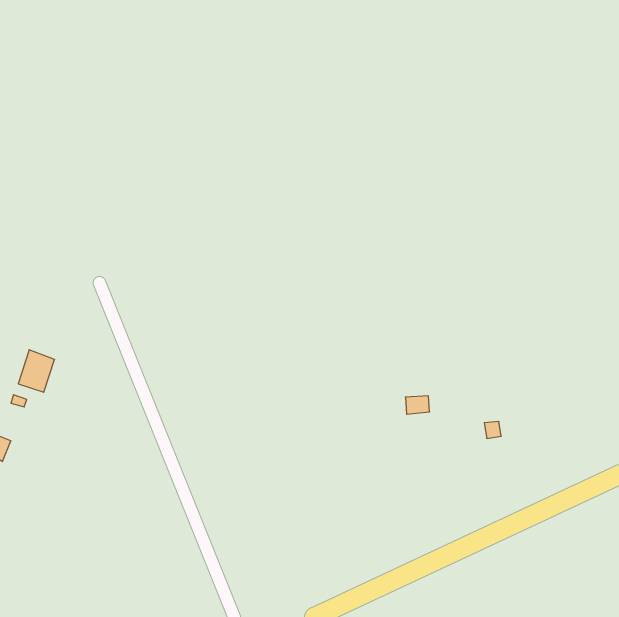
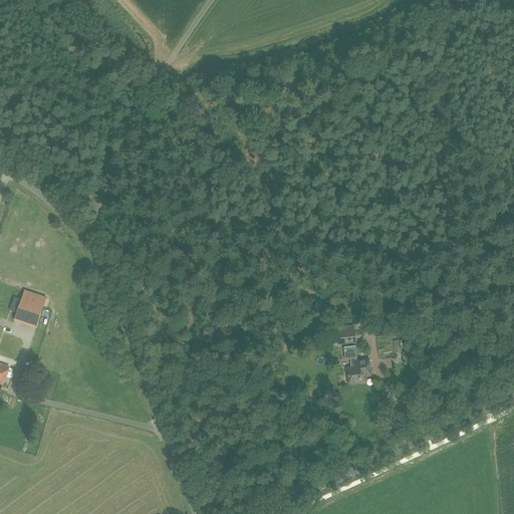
building: none -> [342,344,370,381]

